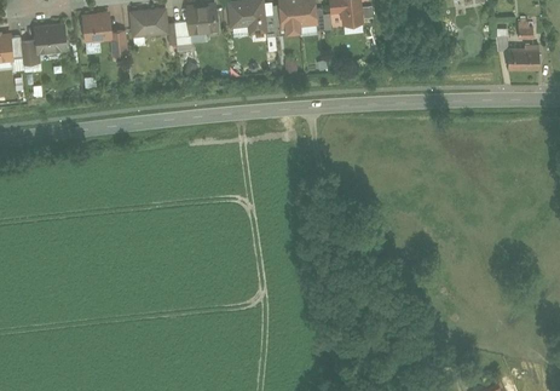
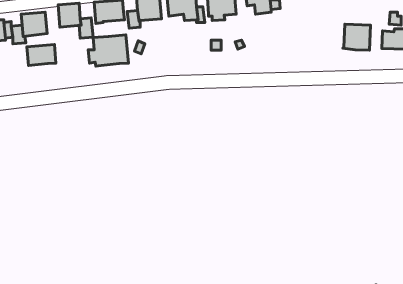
building: none -> [343,24,370,50]
building: none -> [88,35,129,66]
building: none -> [27,45,56,65]

